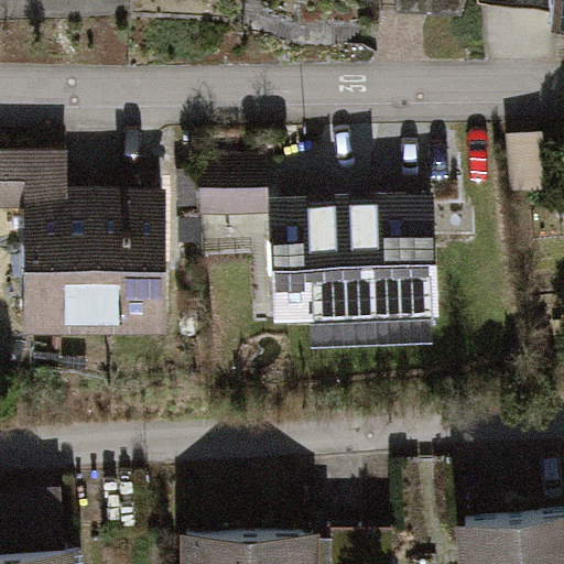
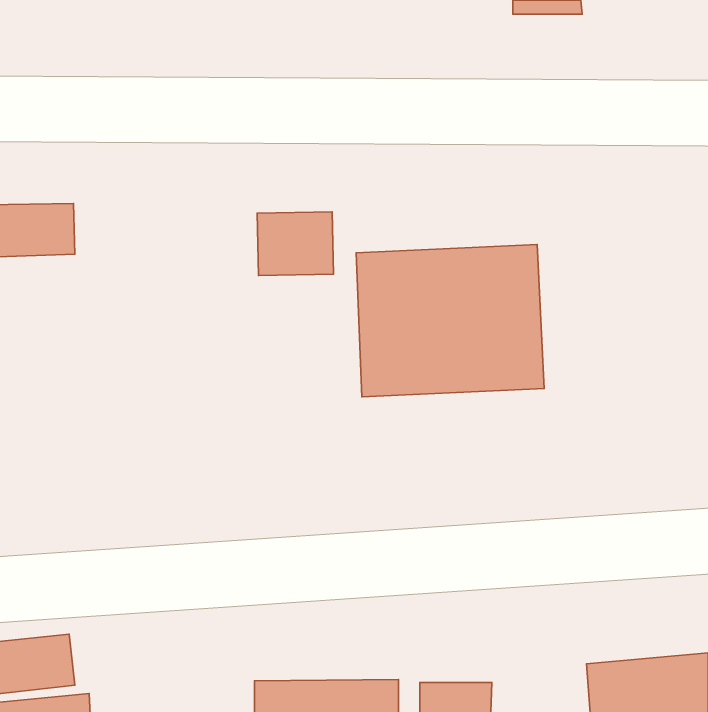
building: [29,216,150,329] -> none

